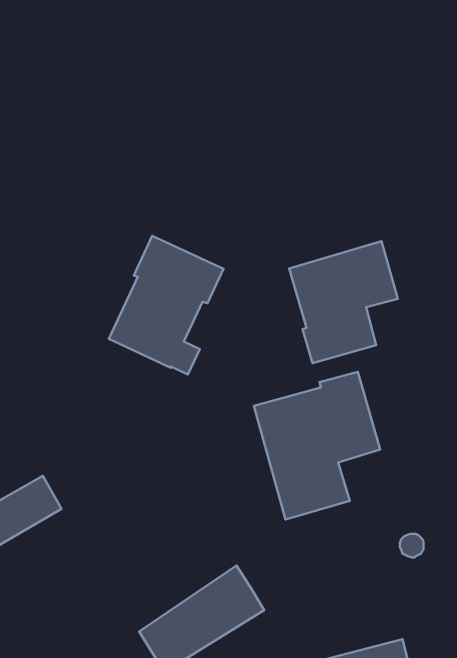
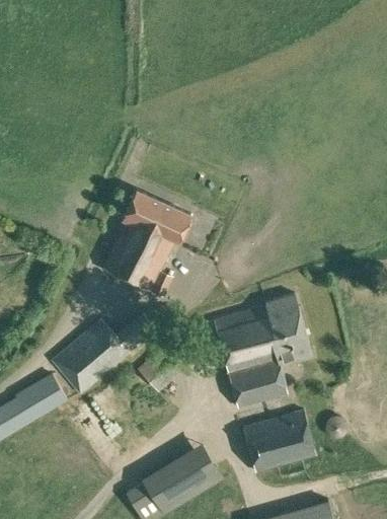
building: [289,241,398,363] -> none
building: none -> [52,314,157,393]
building: none -> [242,411,315,471]

